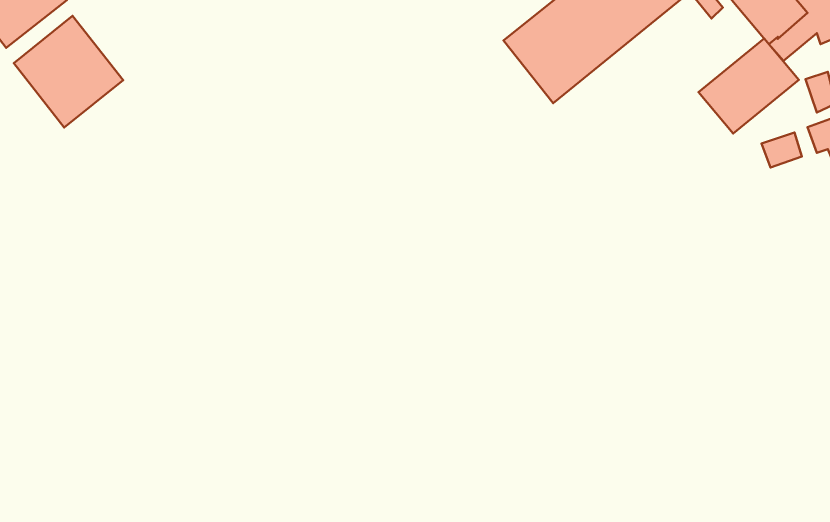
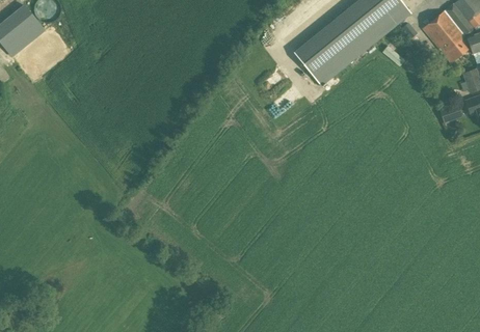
building: [14,16,123,127] -> none
building: [698,39,799,133] -> none

